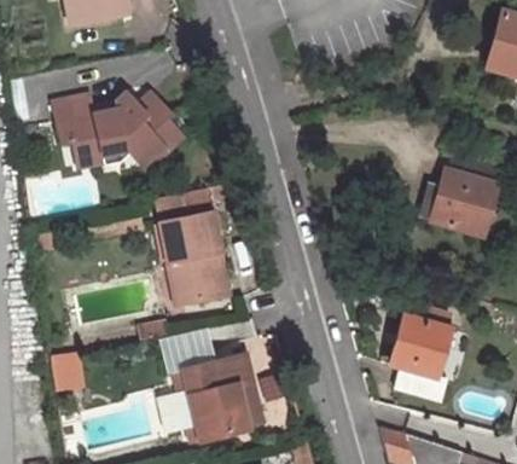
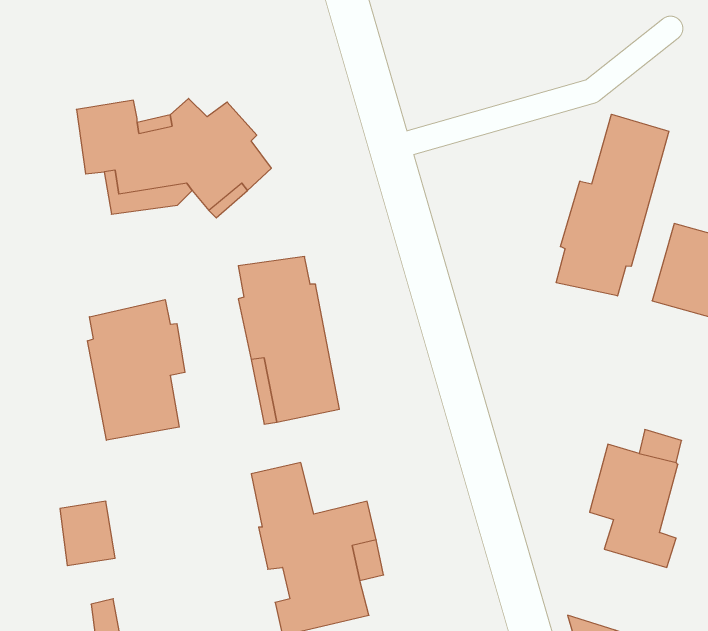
building: none -> [556,114,669,296]
building: none -> [87,300,185,440]

